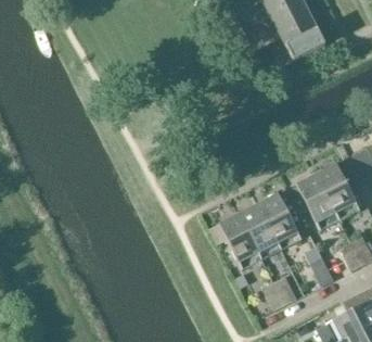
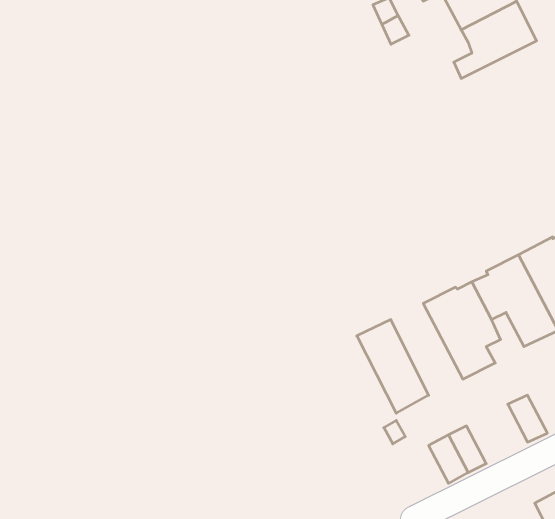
building: [239,202,282,257] -> none

